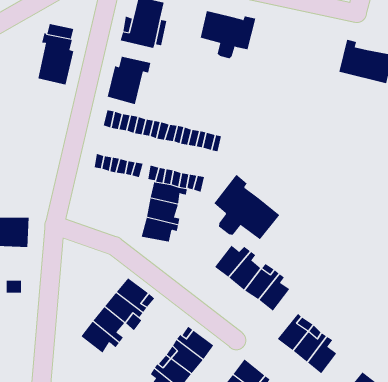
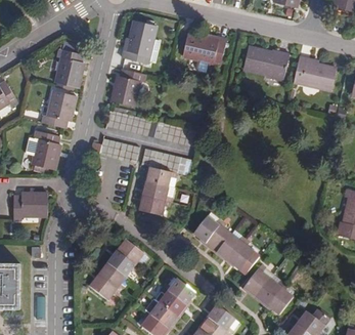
building: none -> [239,46,286,78]
building: none -> [41,92,76,128]
building: none -> [31,131,60,169]
building: [213,174,280,240] -> none

